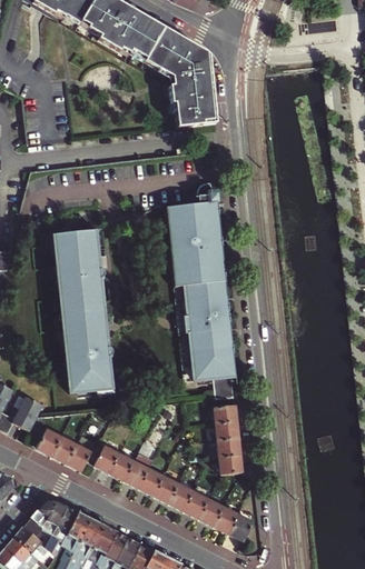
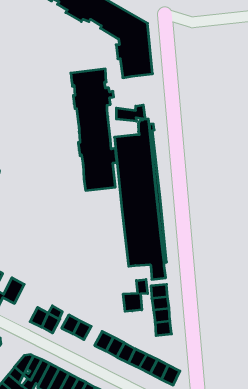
building: none -> [116,105,145,121]
building: [51,230,114,393] -> [71,69,117,190]
building: none -> [123,279,148,311]
building: [27,428,62,455] -> none
building: [125,450,155,487] -> none

